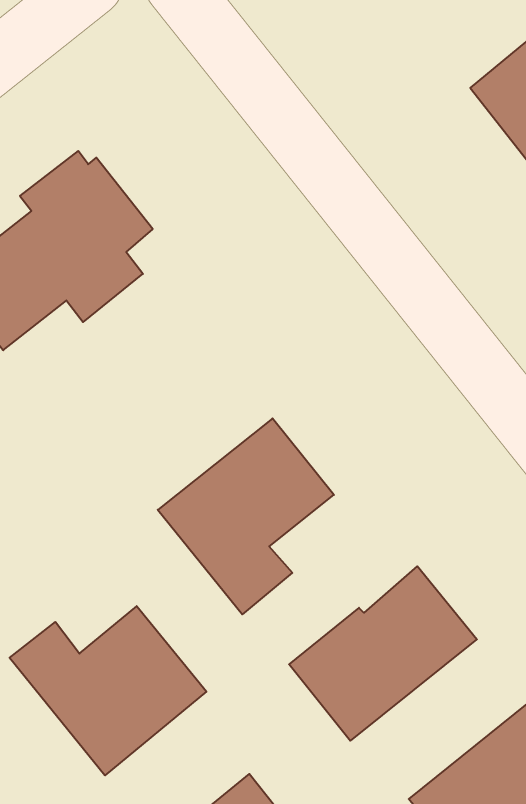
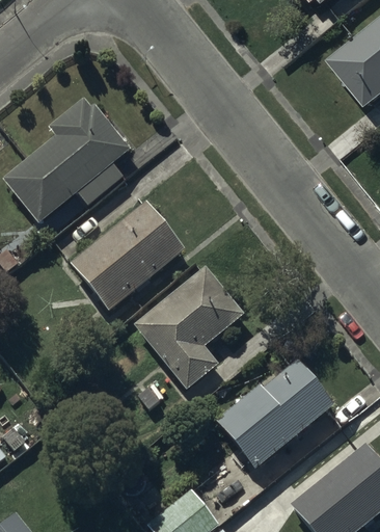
building: none -> [70,201,185,311]
building: [10,606,206,775] -> none

